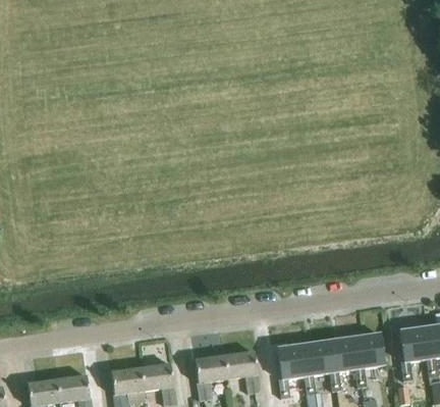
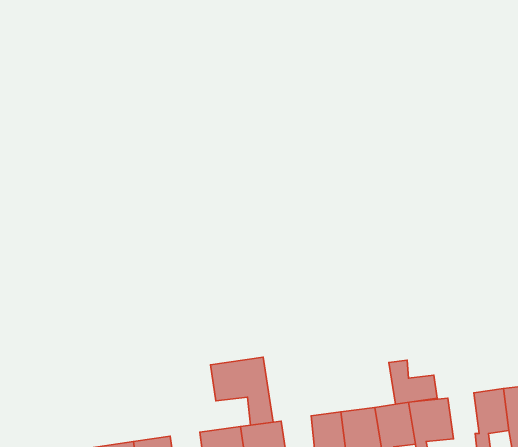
building: none -> [211,357,273,425]
building: none -> [389,360,437,404]

